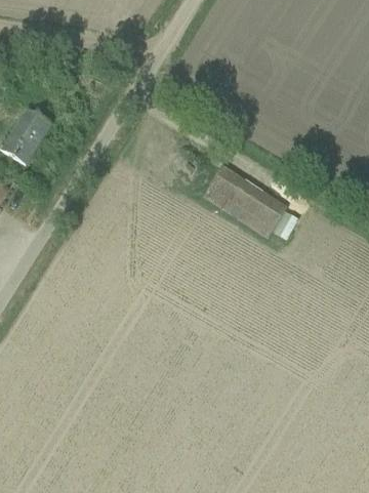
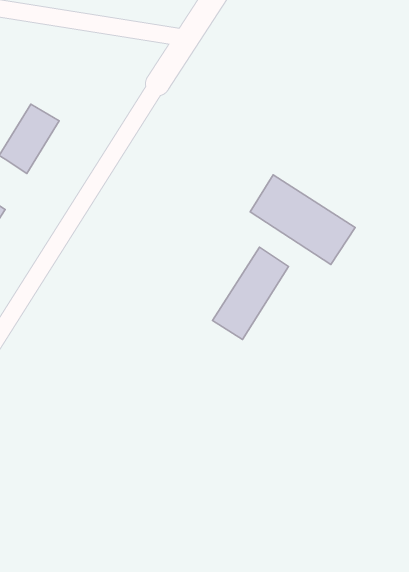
building: none -> [212,247,289,340]

